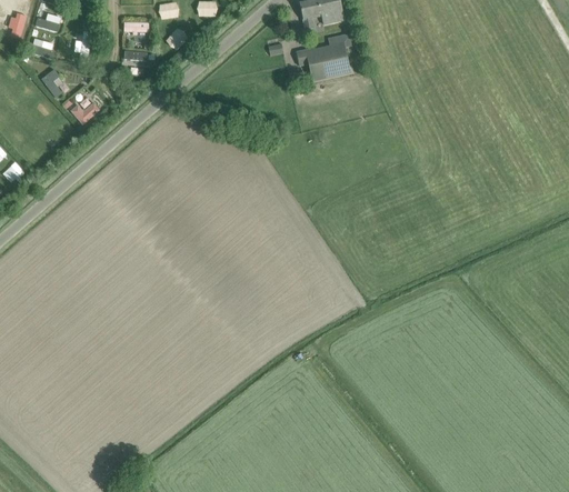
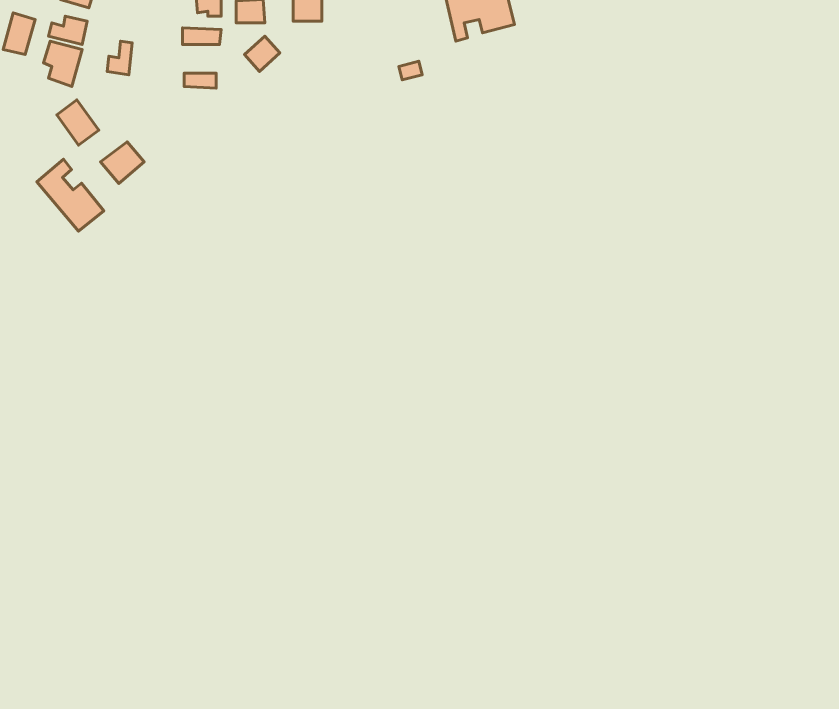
building: [297,41,351,80] -> none
building: none -> [37,159,104,231]

